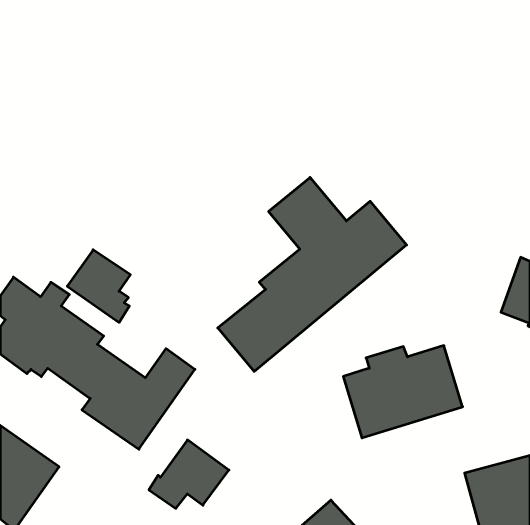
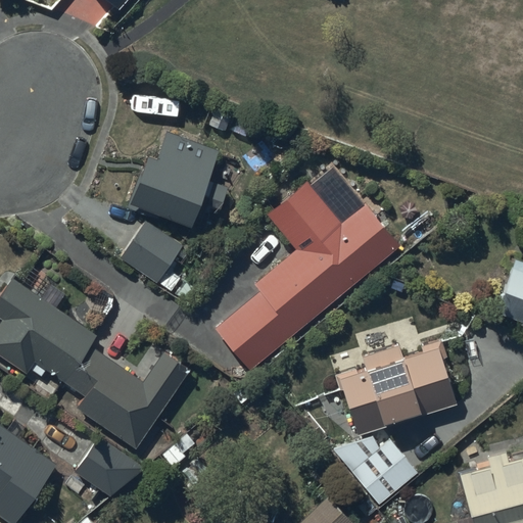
building: none -> [128,133,228,224]
building: [67,250,130,322] -> [120,222,182,293]
building: none -> [332,436,417,505]
building: [149,440,229,508] -> [62,436,141,504]

